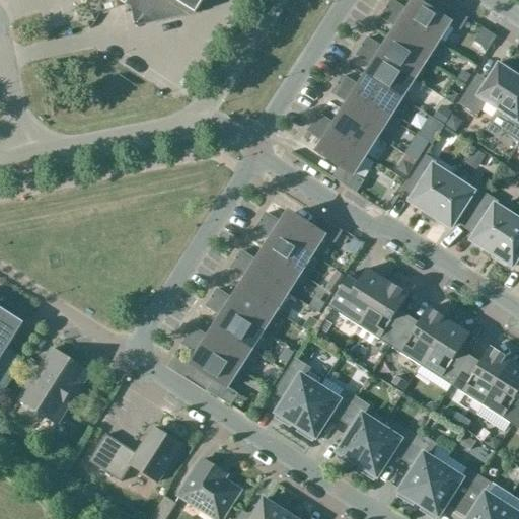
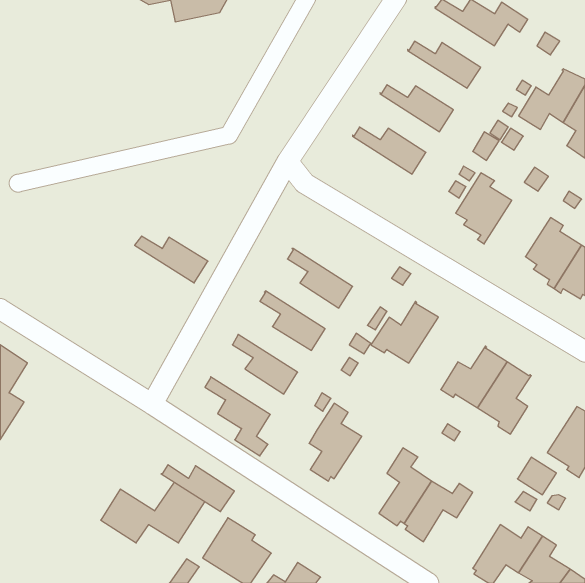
building: [380,7,438,60] -> none
building: [356,45,414,97] -> none
building: [331,83,389,135] -> none
building: [307,121,365,191] -> none
building: [429,177,488,227] -> none
building: [260,212,341,253] -> none
building: [235,249,300,291] -> none
building: [362,281,409,345] -> none
building: [211,288,276,329] -> [135,236,208,283]
building: [187,325,251,367] -> [161,465,234,512]
building: [452,346,511,400] -> none
building: [19,347,90,423] -> none
building: [296,377,357,440] -> none
building: [397,432,443,504] -> none

